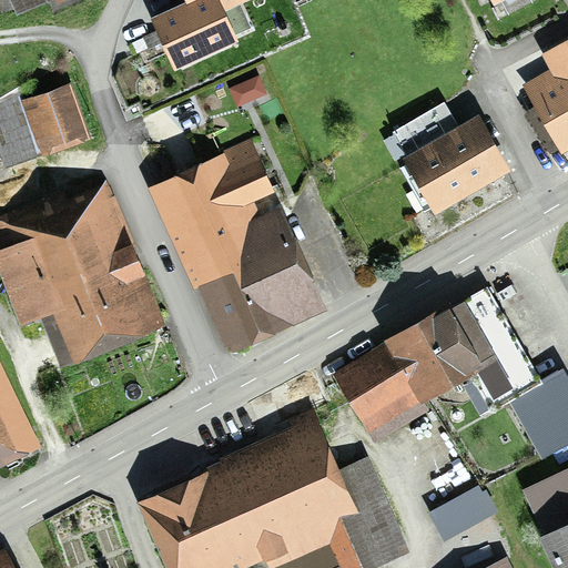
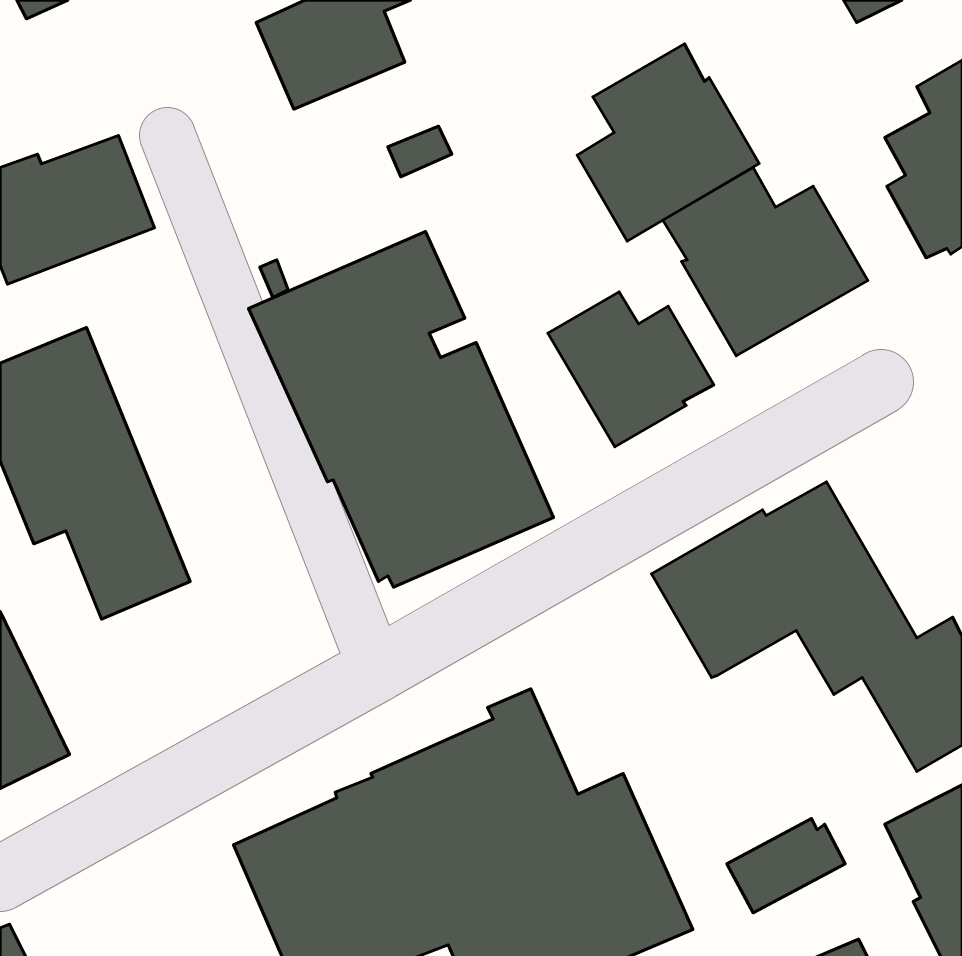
building: none -> [577,44,759,241]
building: none -> [548,292,714,447]
building: [51,182,163,346] -> none
building: [331,342,428,444] -> none

